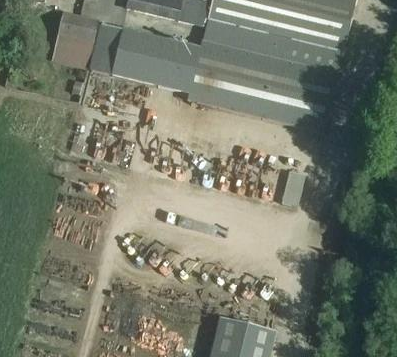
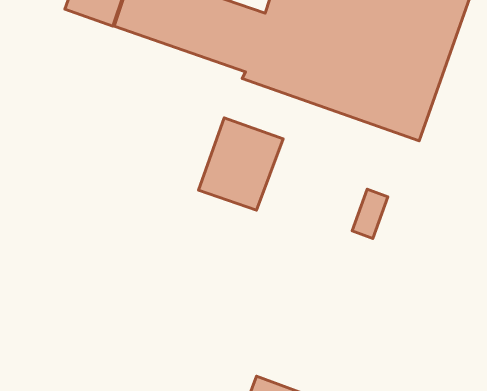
building: none -> [199,118,283,210]

